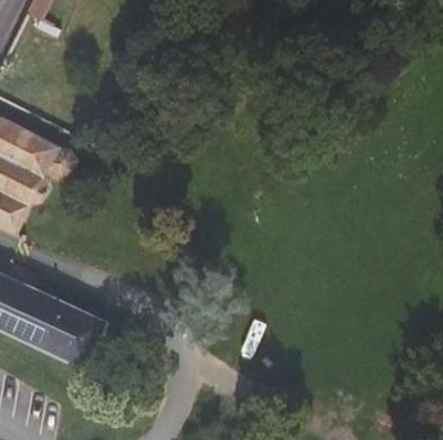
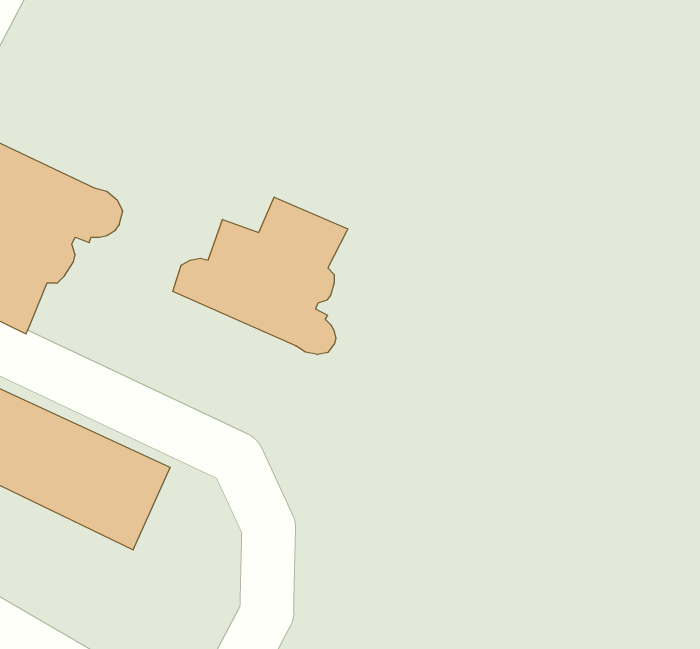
building: none -> [173,197,348,355]

